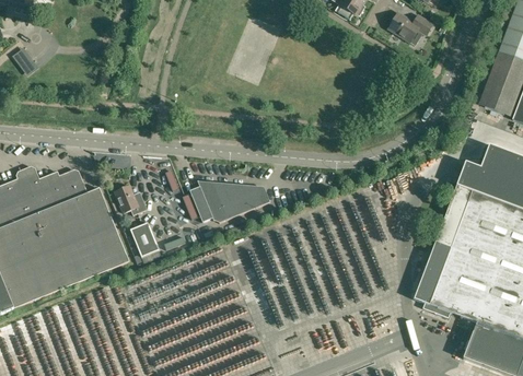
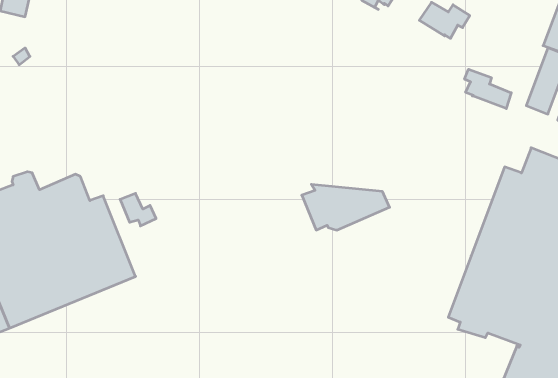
building: none -> [465,69,511,109]
building: [189,179,269,221] -> [302,184,390,230]
building: [130,221,159,261] -> none

